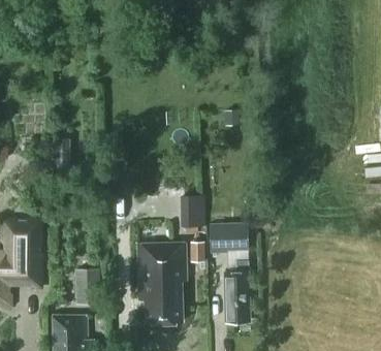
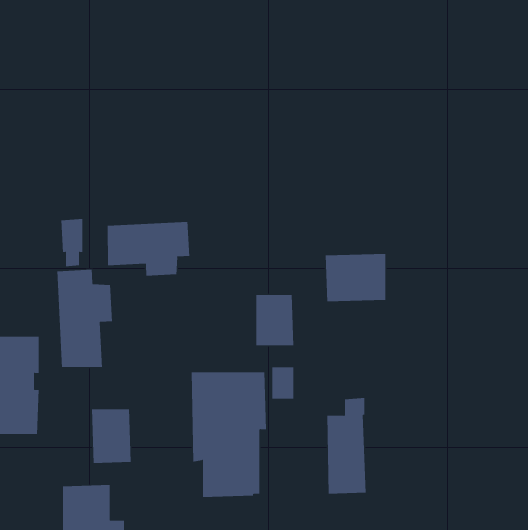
building: none -> [107,221,190,277]
building: none -> [57,269,112,368]
building: [209,222,248,253] -> [325,254,386,302]

